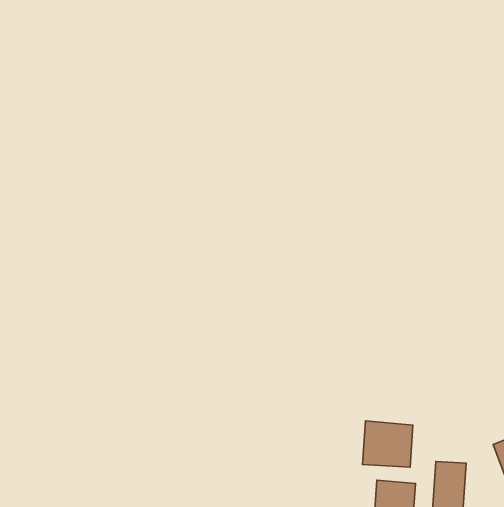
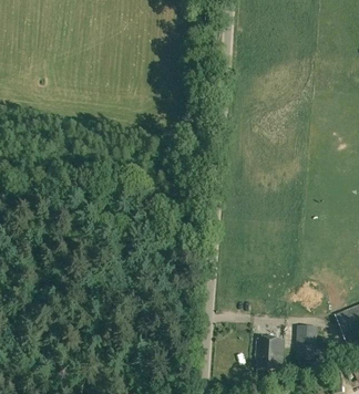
building: [363,421,413,467] -> none

